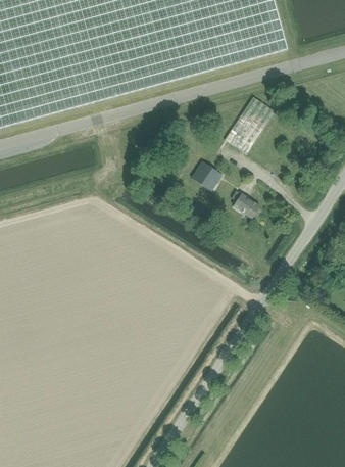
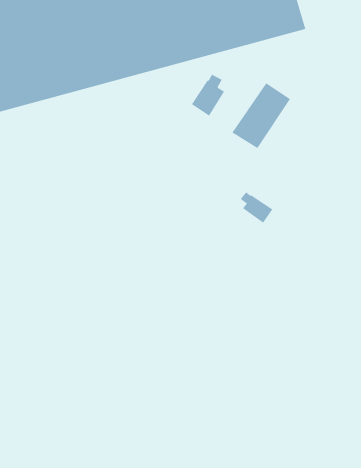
building: none -> [191,74,225,116]
building: [190,159,220,189] -> none

